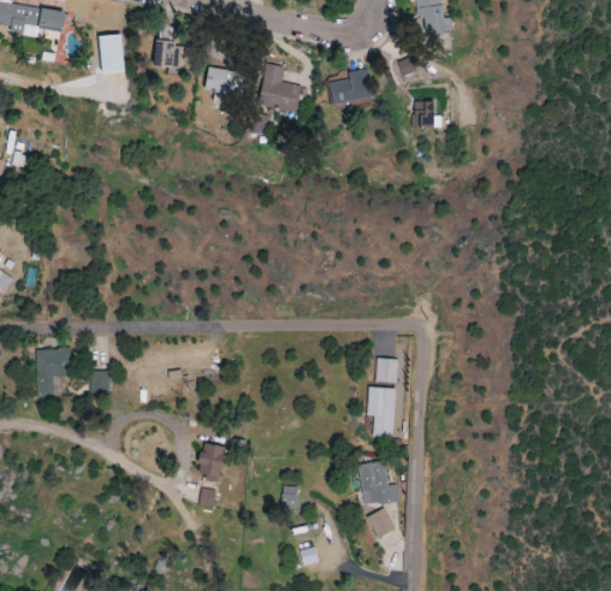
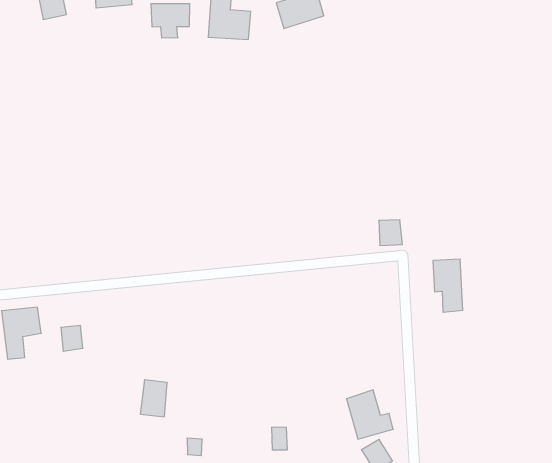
building: [413,101,441,128] -> none
building: [375,357,397,383] -> [379,220,402,246]
building: [367,386,395,437] -> [433,259,463,312]
building: [197,443,226,480] -> [140,380,167,417]

